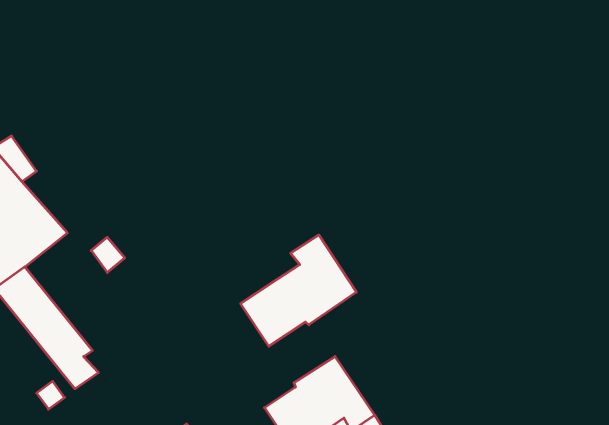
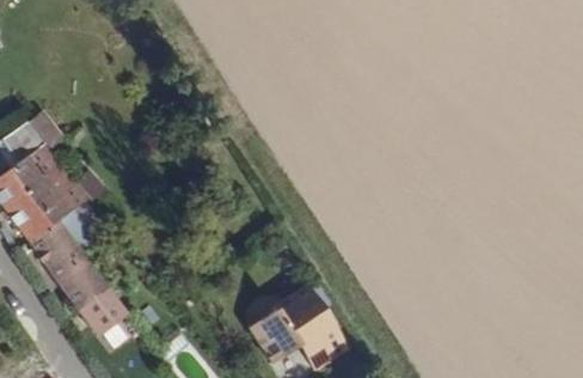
building: [241,235,356,346] -> none

